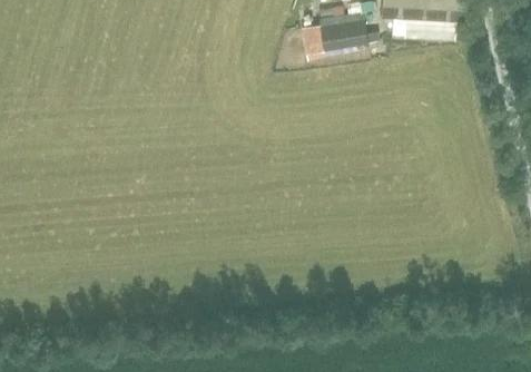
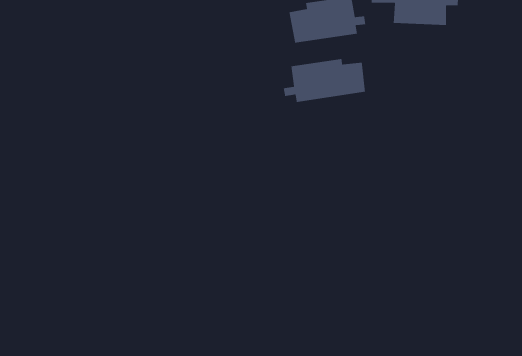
building: none -> [283,58,366,103]

